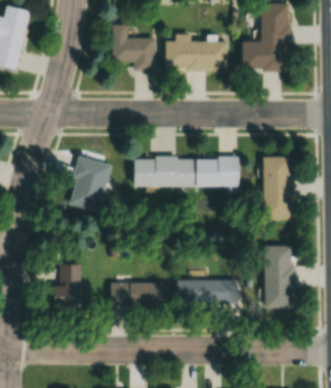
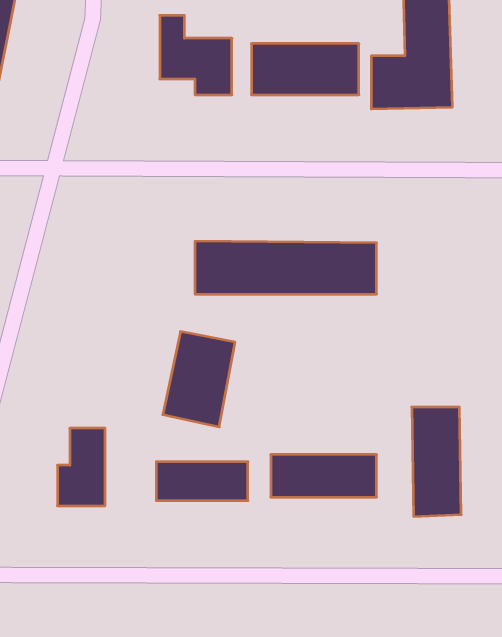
building: [69,157,111,212] -> [163,332,235,427]
building: [256,164,285,223] -> none

